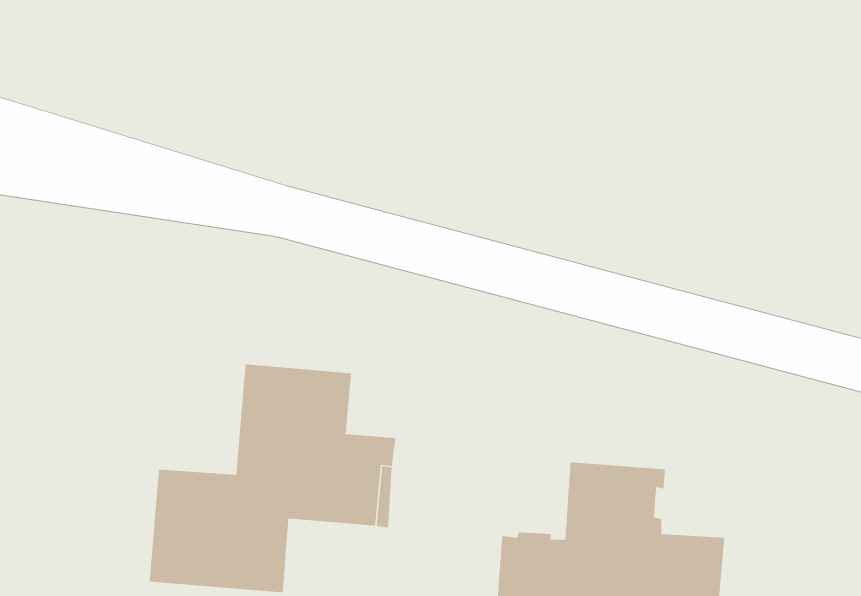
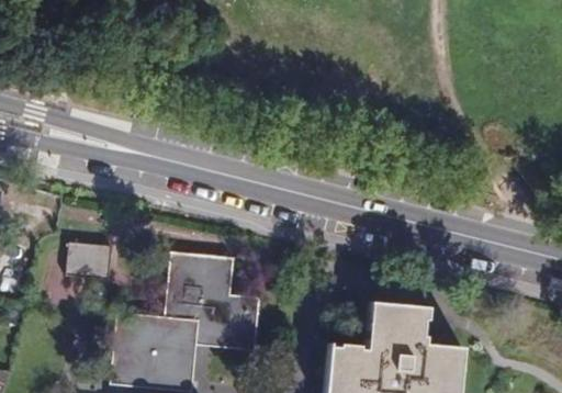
building: none -> [74,242,120,278]

